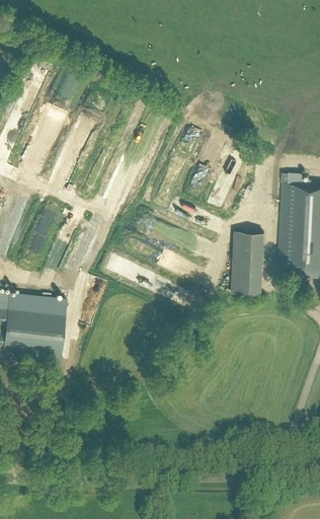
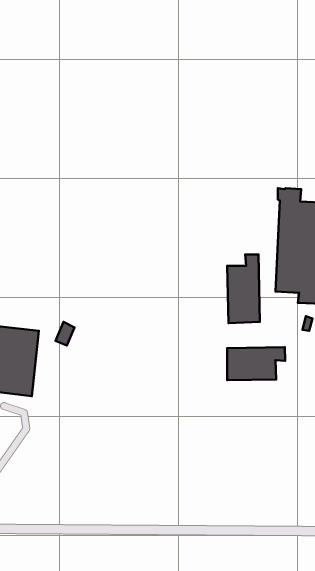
building: none -> [227,347,285,380]

